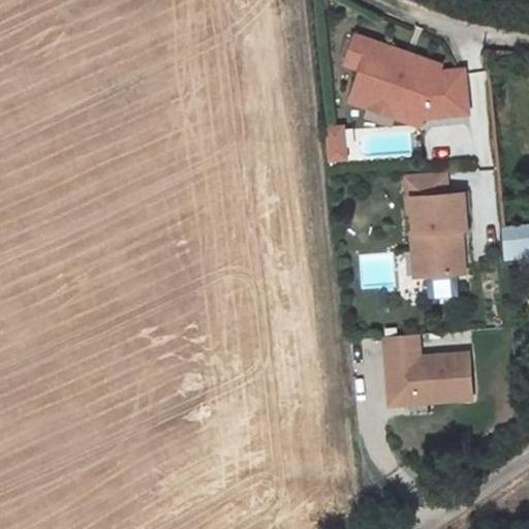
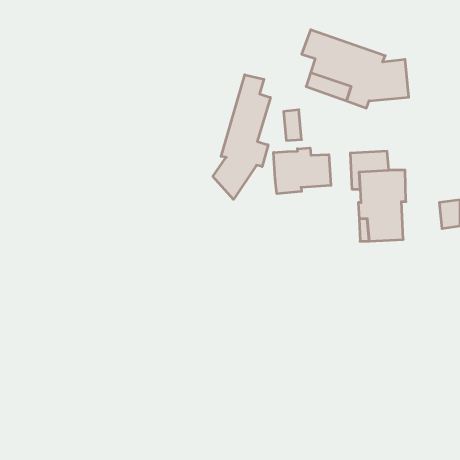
building: none -> [213,75,270,199]
building: none -> [274,148,331,194]
building: [383,337,471,406] -> none

